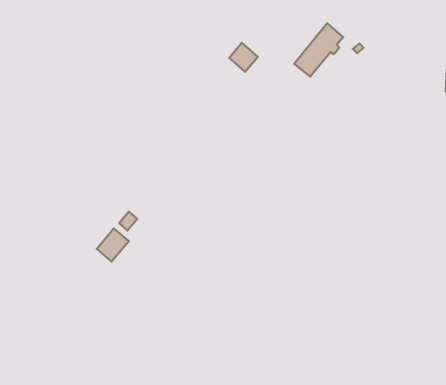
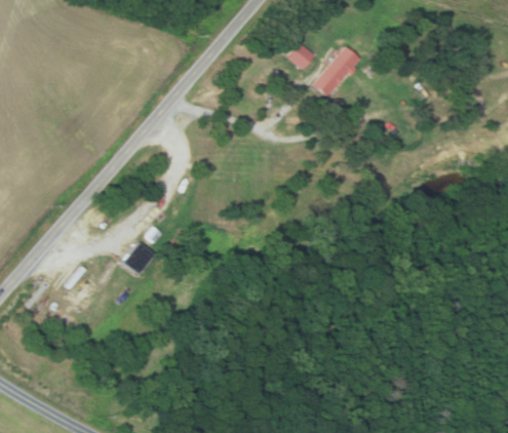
building: [229,43,258,72] -> [286,43,314,71]

